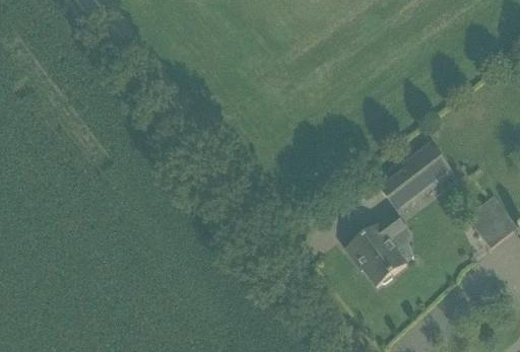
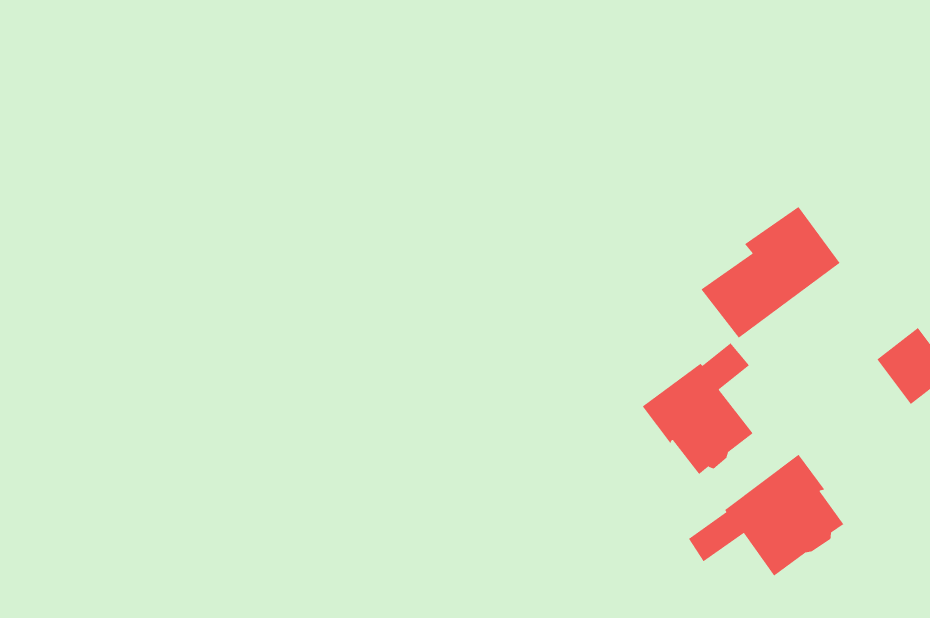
building: none -> [688,454,844,576]

